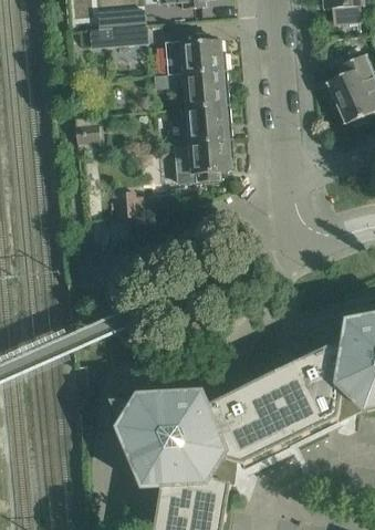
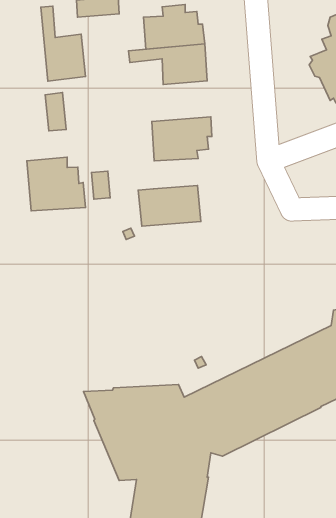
building: none -> [41,6,86,81]
building: [171,104,231,143] -> [138,186,201,226]
building: none -> [27,157,85,211]

